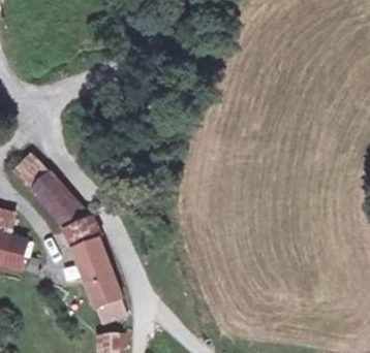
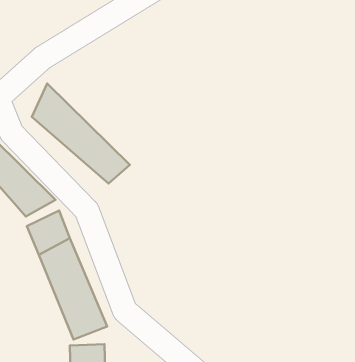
building: none -> [32,84,130,184]

